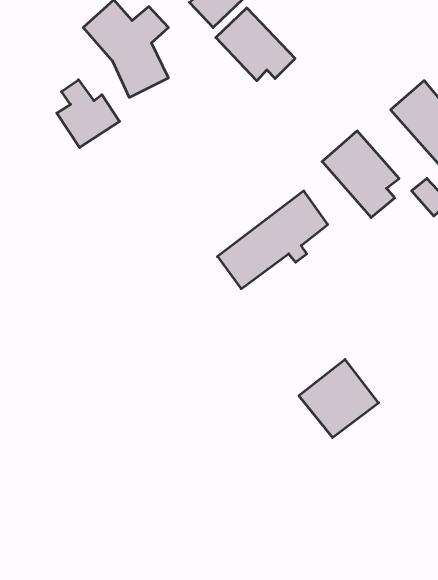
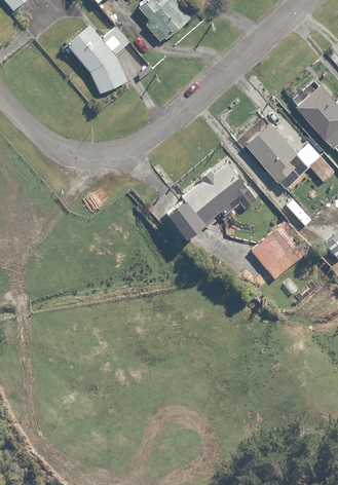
building: [216,8,295,81] -> none
building: [57,80,120,148] -> none
building: [299,359,379,438] -> [251,222,309,279]

